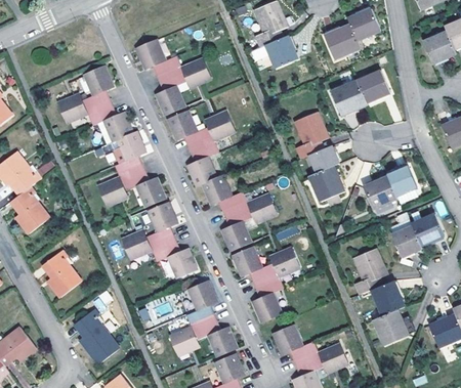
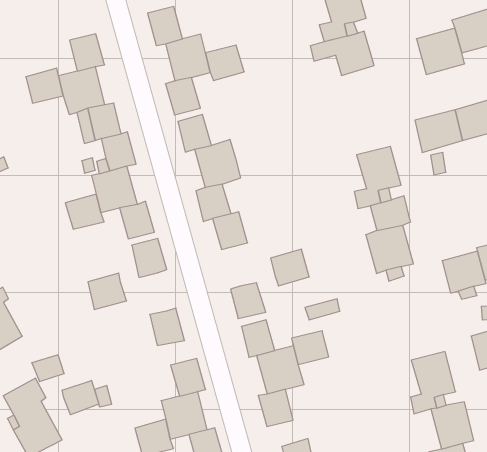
building: [204,112,233,138] -> none
building: [216,190,251,225] -> none
building: [144,224,179,259] -> none
building: none -> [62,380,99,415]

